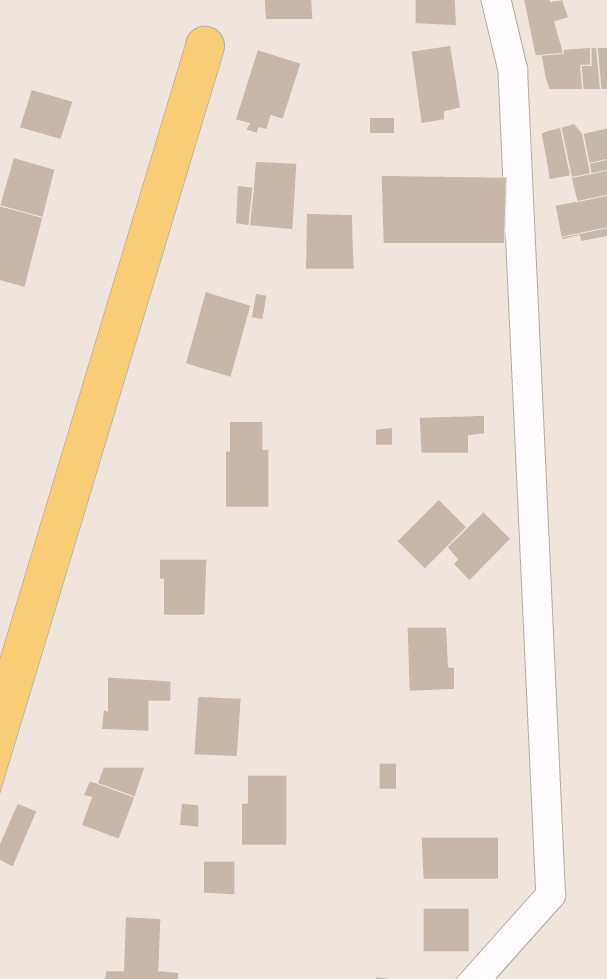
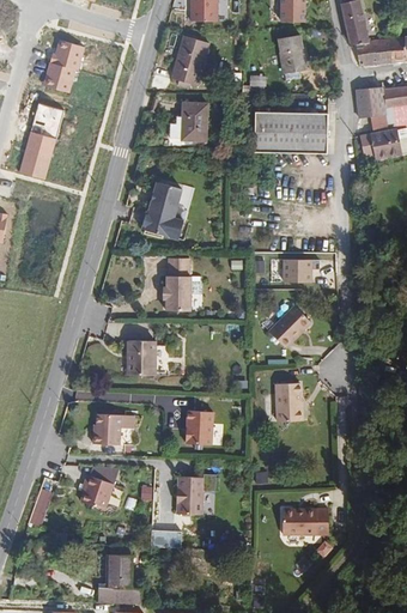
building: none -> [49,38,84,69]
building: [306,213,354,270] -> none
building: [447,512,511,581] -> none
building: [193,697,241,757] -> [184,411,213,447]
building: [423,908,469,952] -> none

